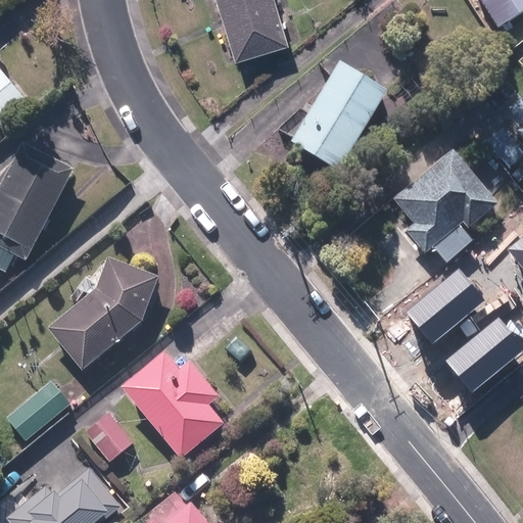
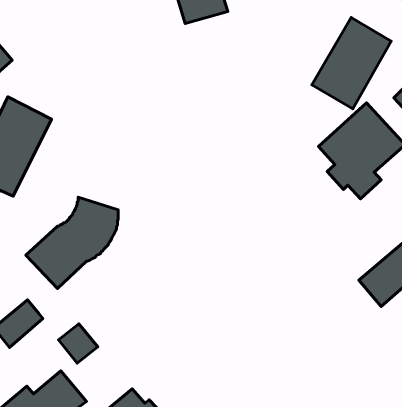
building: [292,60,387,170] -> [312,17,391,109]
building: [402,269,482,344] -> none
building: [121,351,224,460] -> none

